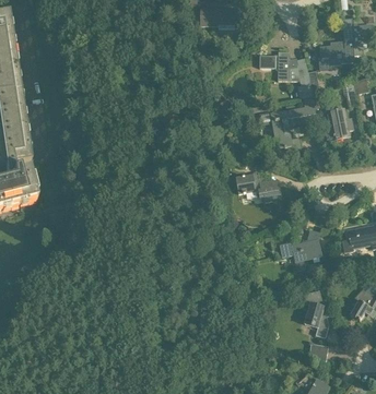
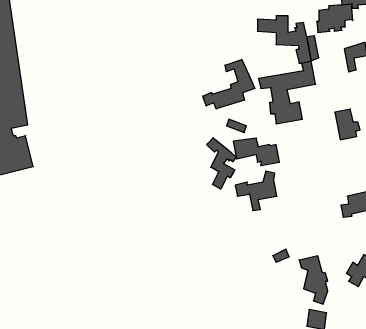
building: none -> [203,59,255,109]
building: [328,108,353,139] -> [335,109,360,140]
building: none -> [207,138,236,189]
building: [280,230,321,270] -> [235,171,277,211]

